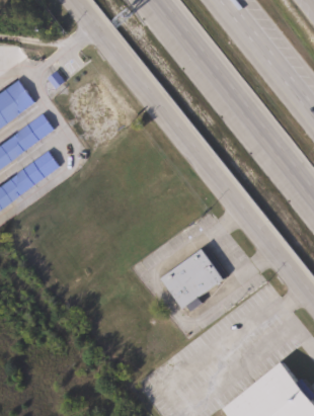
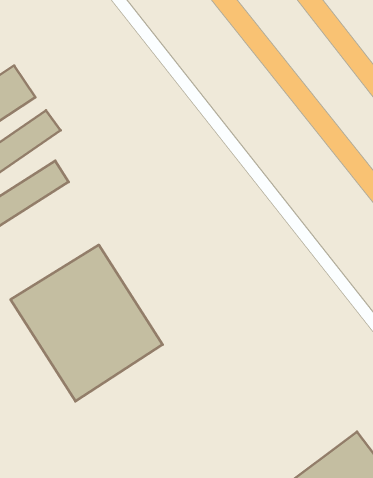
building: none -> [11,245,163,401]
building: [161,248,225,309] -> none

